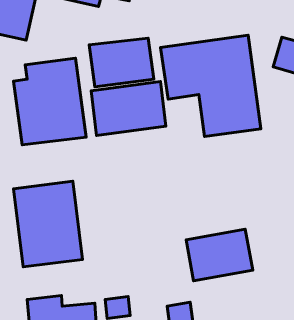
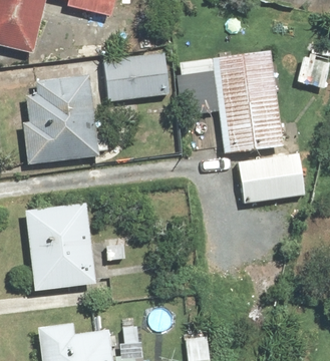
building: [91,82,166,135] -> none
building: [186,229,253,281] -> [238,151,308,206]

